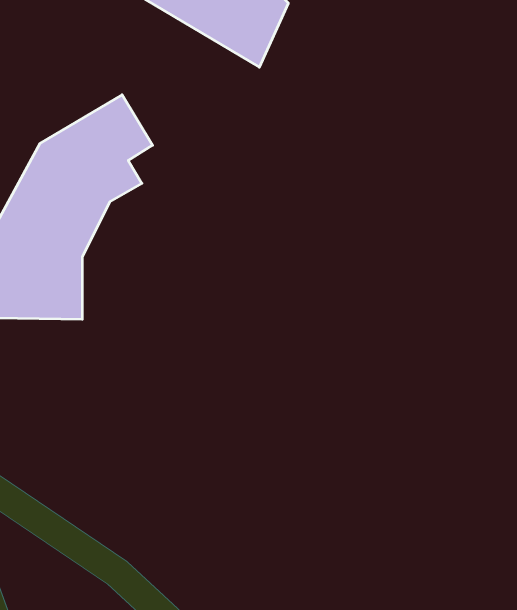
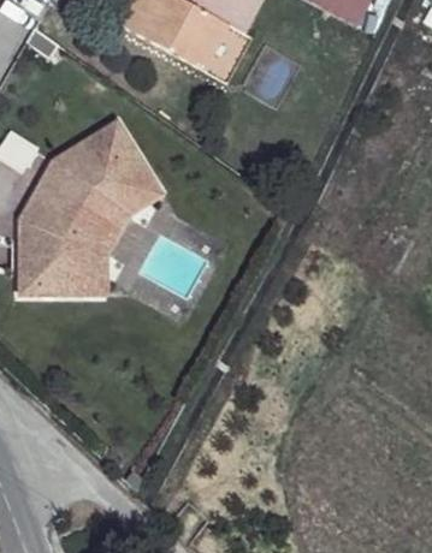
building: none -> [87,154,161,291]

